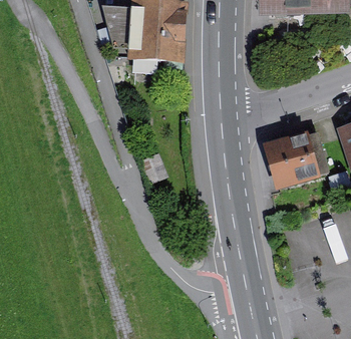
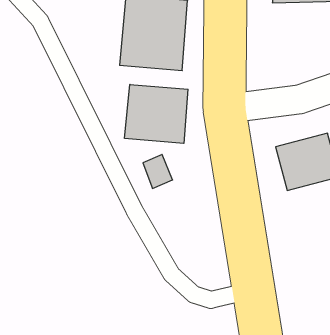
building: none -> [125,84,188,143]

